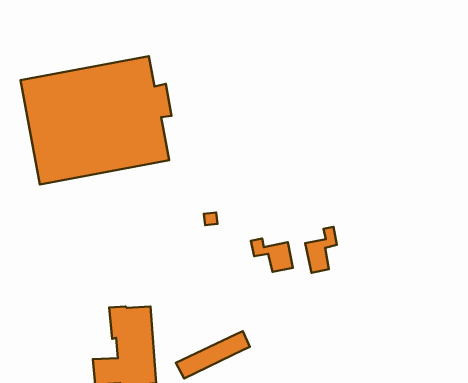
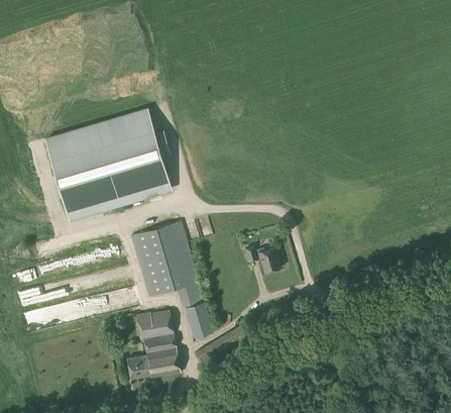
building: none -> [130,221,213,338]
building: [305,227,337,273] -> none

